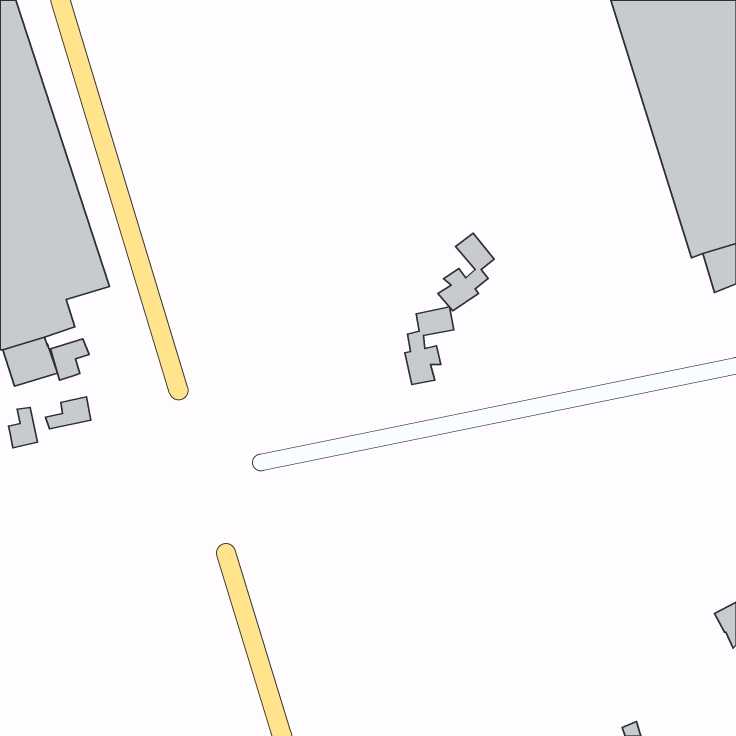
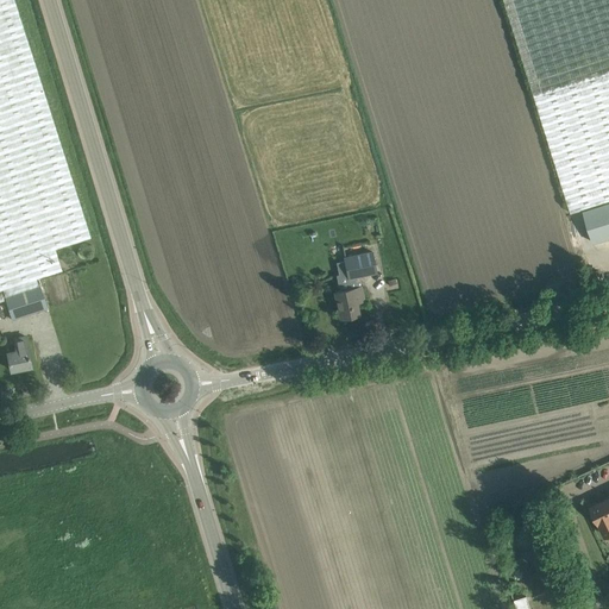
building: [438,233,494,311] -> none
building: [51,339,89,380] -> none
building: [46,397,91,429] -> none

